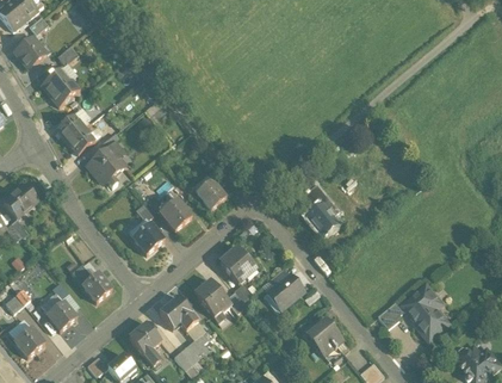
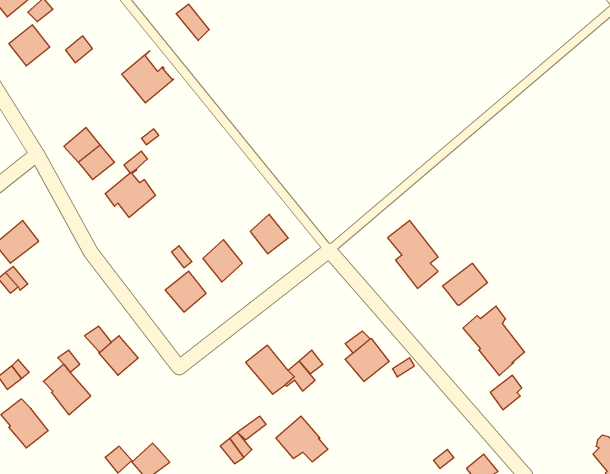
building: [41,67,80,106] -> [122,51,174,103]
building: none -> [443,263,488,305]
building: [219,247,255,284] -> none
building: [402,289,448,341] -> [463,306,525,376]
building: [159,296,198,331] -> [276,416,328,462]
building: [306,319,343,357] -> none
building: [128,322,161,365] -> none

